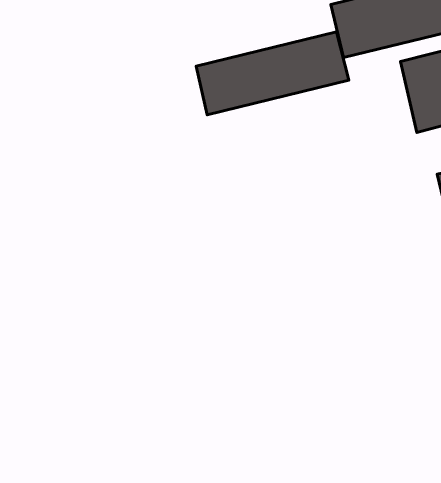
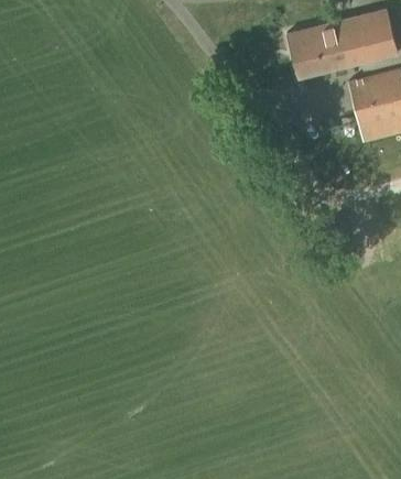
building: [196,32,349,115] -> none

